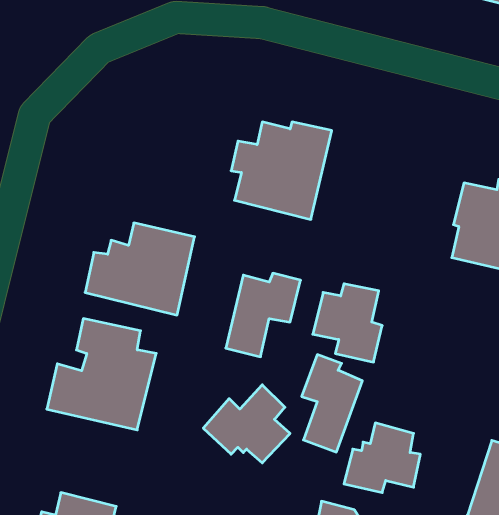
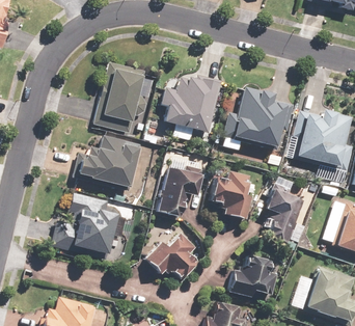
building: none -> [93,60,152,131]
building: none -> [224,86,293,148]
building: [302,355,362,452] -> [266,184,302,242]

